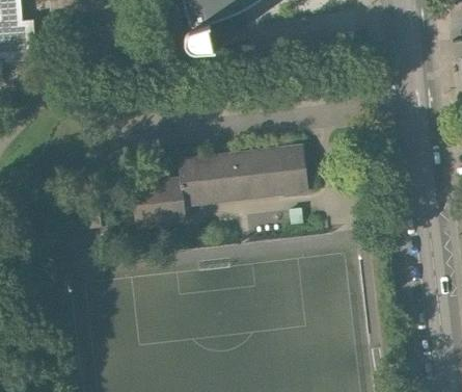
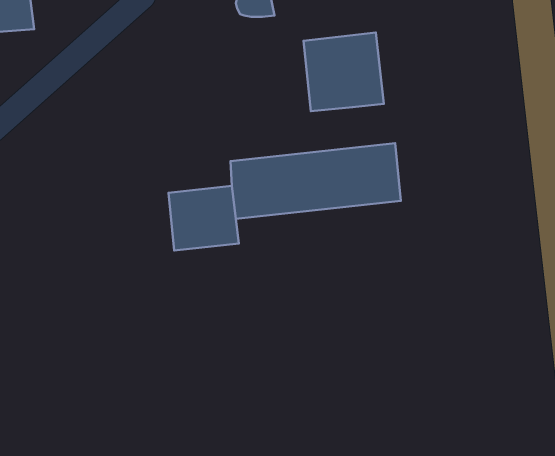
building: none -> [304,32,384,111]

